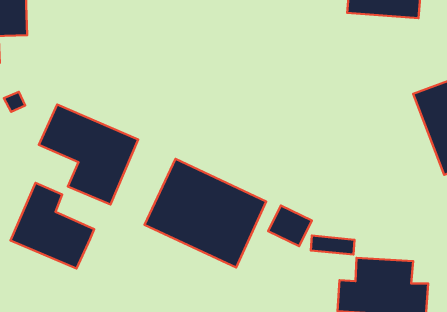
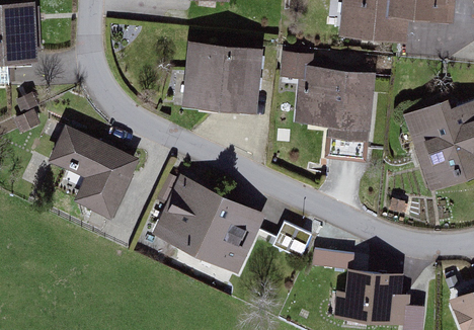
building: none -> [182,42,264,115]
building: none -> [279,53,376,165]
building: [10,183,94,269] -> none

